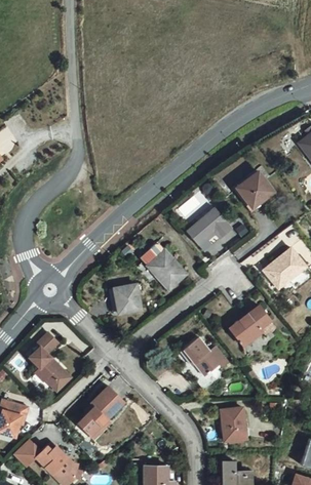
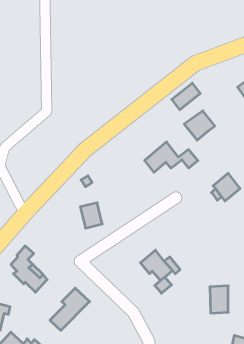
building: none -> [172,83,200,110]
building: [148,243,186,288] -> none
building: [232,306,274,347] -> none
building: [224,412,246,445] -> [210,286,228,313]

